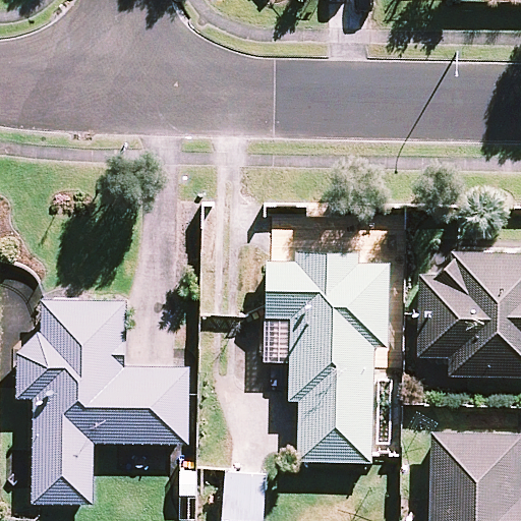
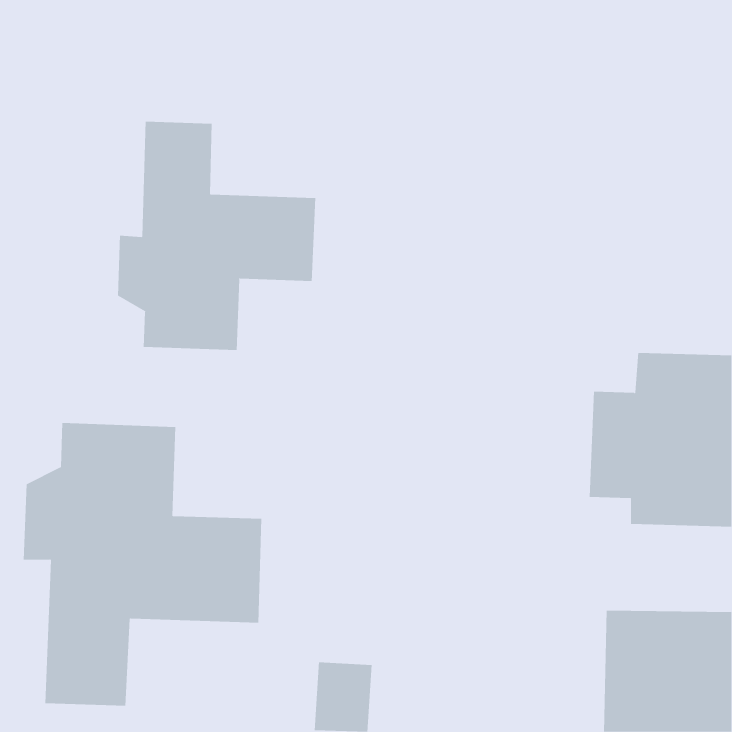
building: none -> [118,121,316,351]
building: [265,252,390,461] -> none

